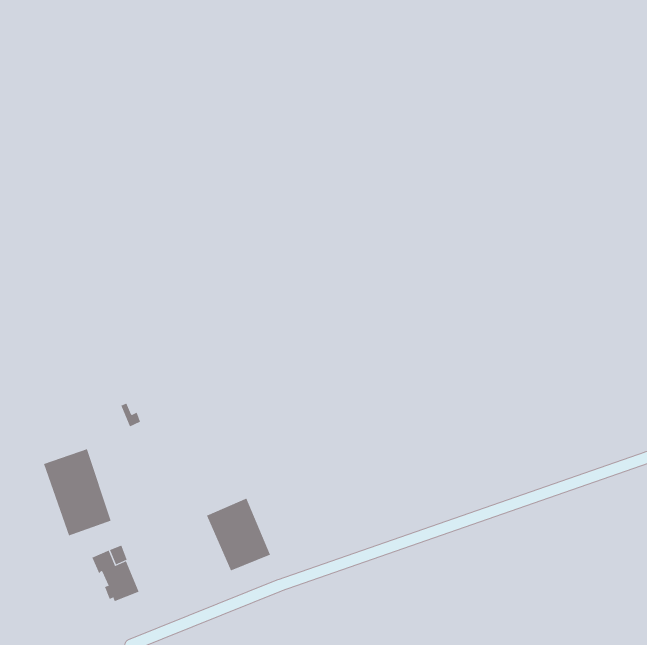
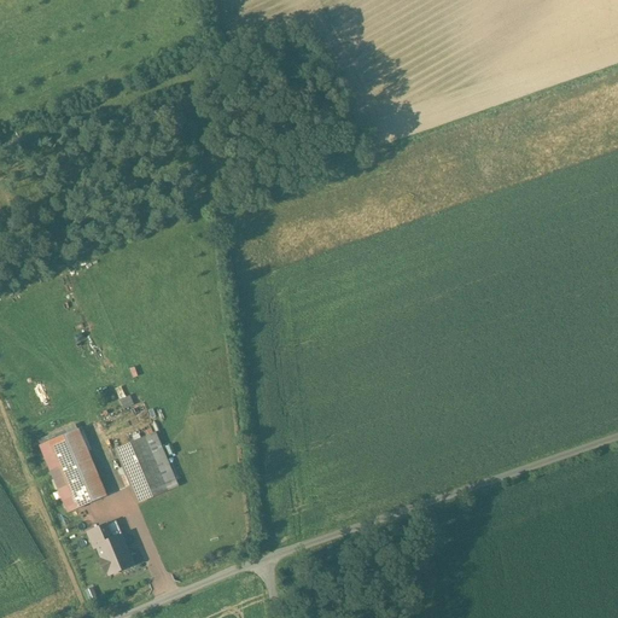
building: [206,498,271,571] -> [115,431,176,501]

